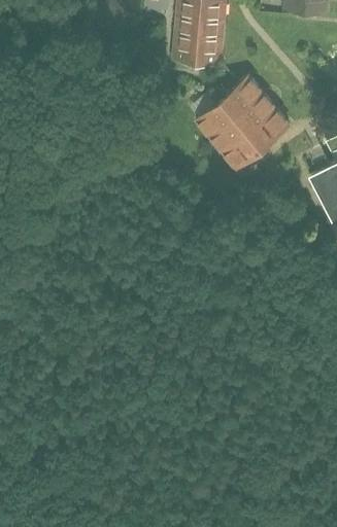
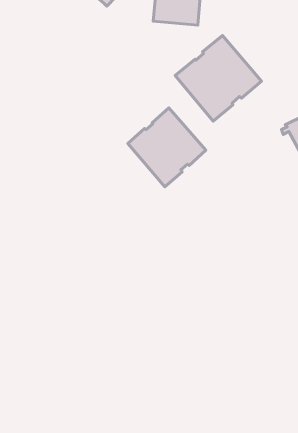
building: none -> [128,108,206,187]

